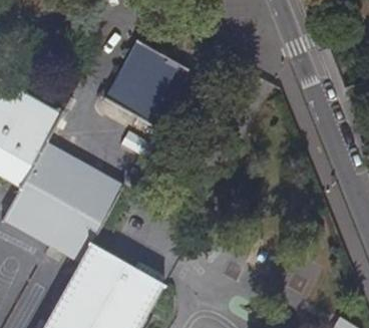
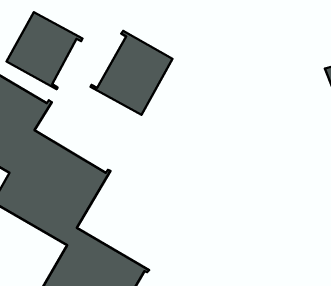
building: none -> [7,12,83,89]

